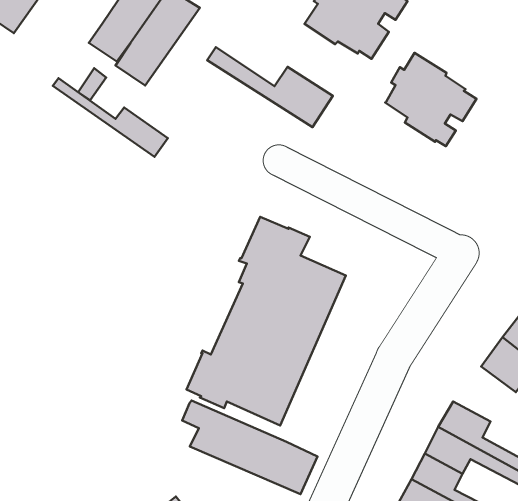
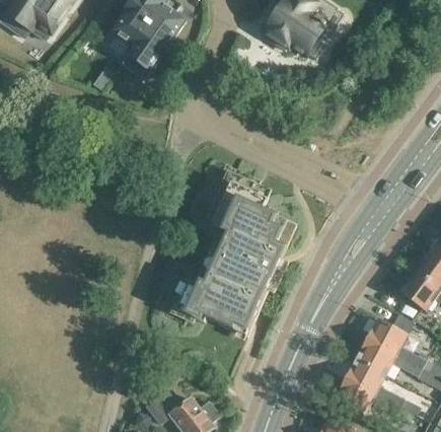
building: [207,47,333,127] -> none
building: [385,53,477,146] -> none
building: [53,78,168,157] -> none
building: [182,400,317,494] -> none

